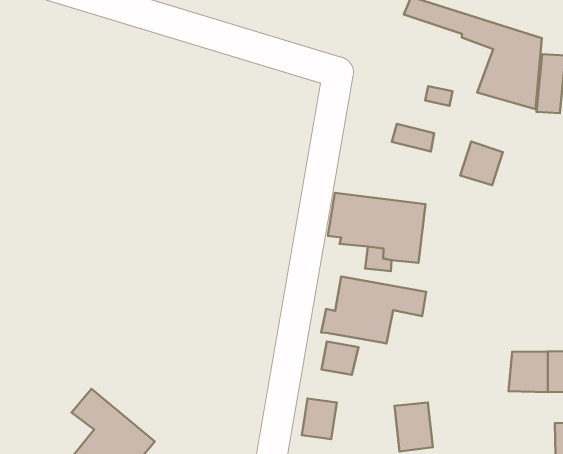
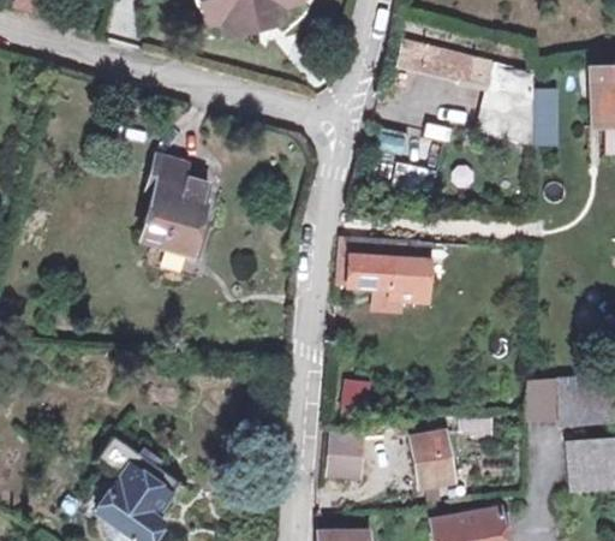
building: none -> [141,155,214,255]
building: [460,141,503,185] -> none
building: [321,277,426,343] -> none

